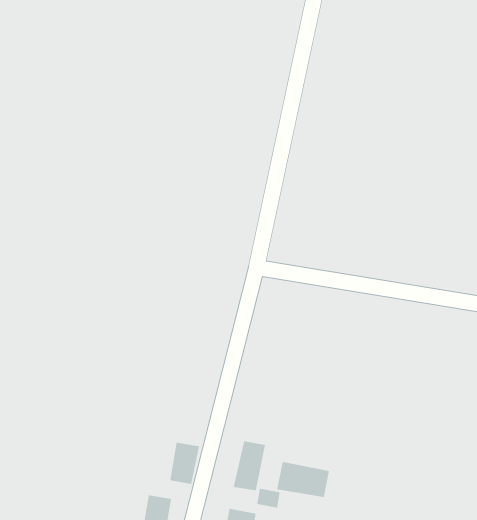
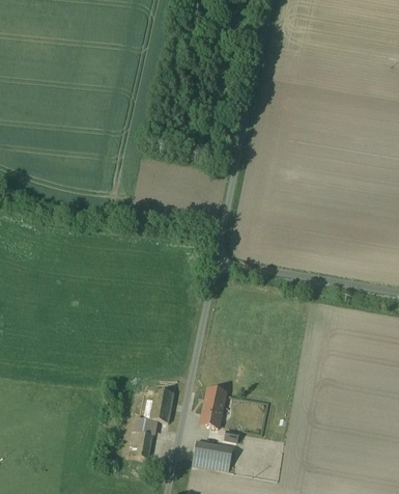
building: [276,461,330,498] -> none

